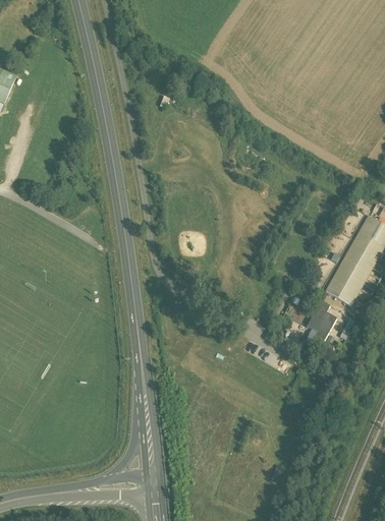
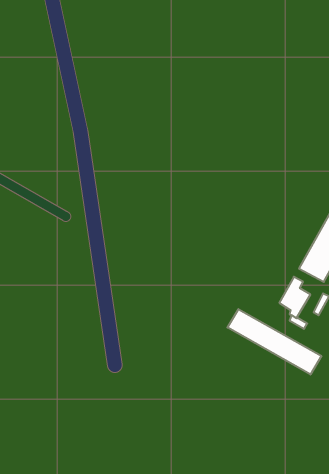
building: none -> [227,309,321,375]

